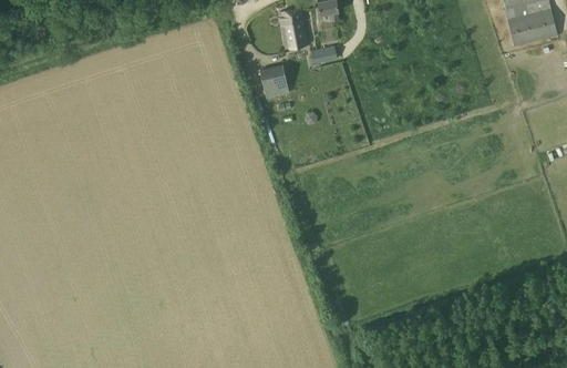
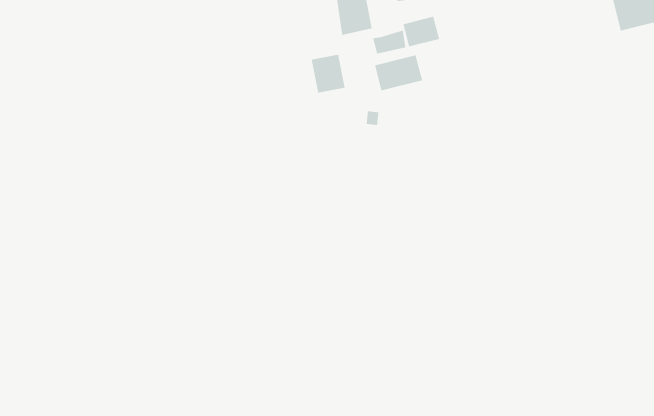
building: none -> [403,16,440,47]
building: none -> [374,55,423,91]

